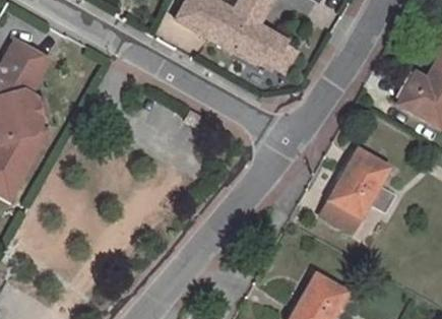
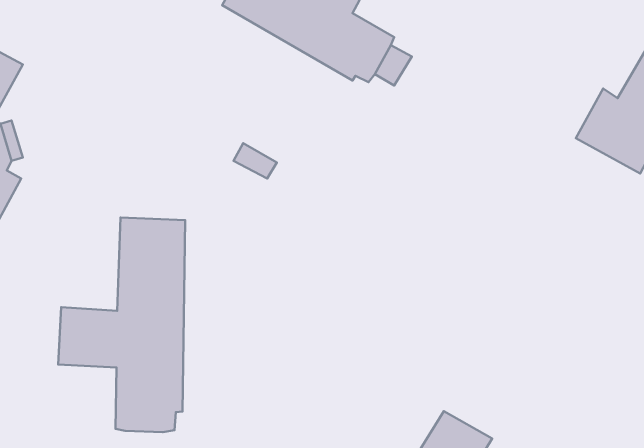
building: [321,149,395,232] -> none
building: none -> [58,218,185,432]

